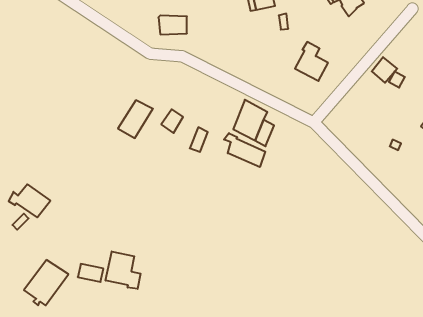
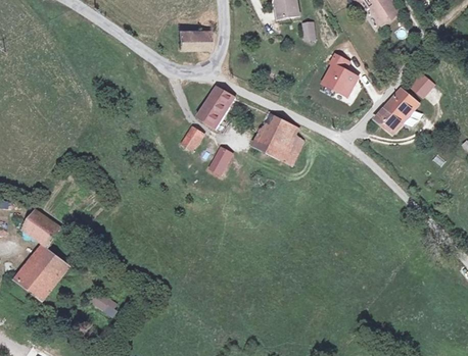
building: none -> [373,89,418,135]
building: [118,100,153,138] -> [195,85,233,125]
building: [224,133,265,167] -> none
building: [106,251,141,289] -> none
building: [24,260,68,305] -> [16,245,64,294]

